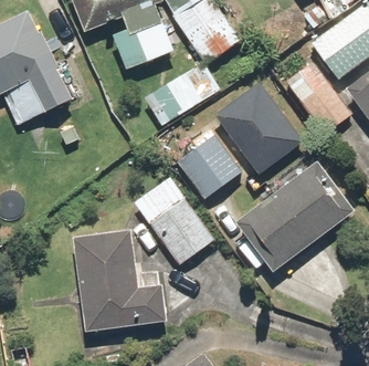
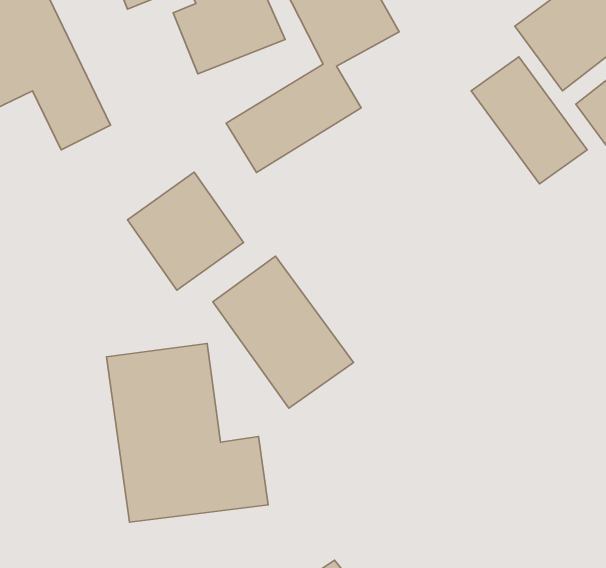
building: [214,82,304,176] -> none
building: [176,134,243,202] -> [128,172,243,290]
building: [234,159,355,273] -> none

